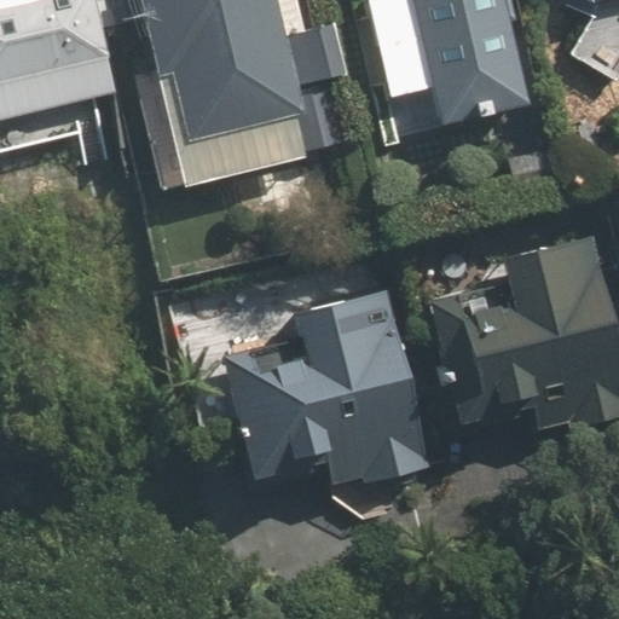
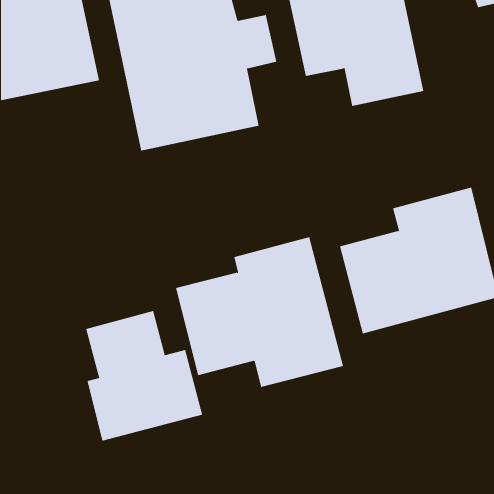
building: none -> [85,310,203,441]

